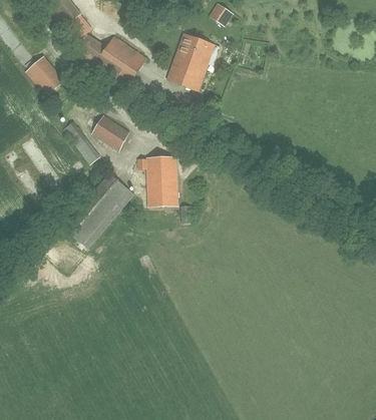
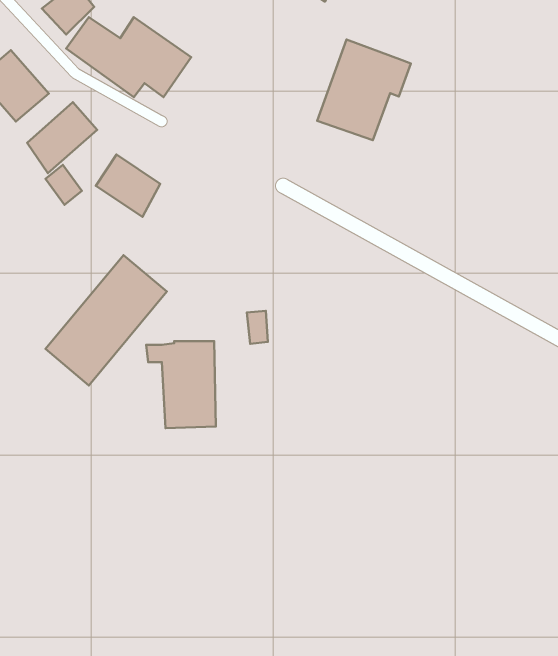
building: [166,32,221,90] -> [317,39,411,140]
building: none -> [27,102,97,173]
building: [137,156,177,206] -> [146,341,216,428]

